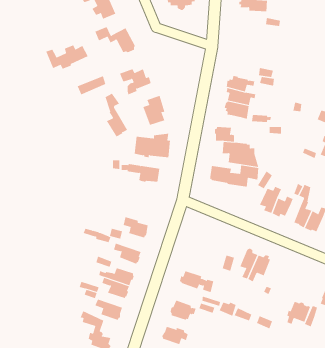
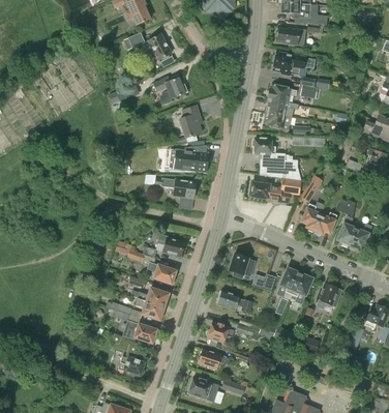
building: none -> [277,27,305,46]
building: [46,45,88,70] -> none
building: none -> [272,52,316,76]
building: [105,93,128,138] -> none
building: none -> [229,253,256,279]
building: [286,301,311,325] -> [317,284,342,308]

